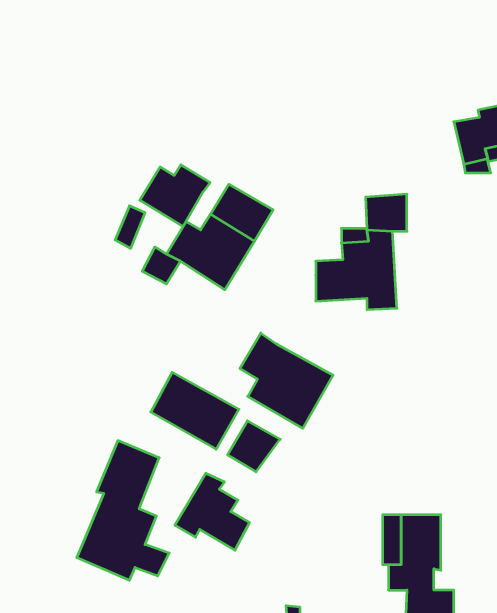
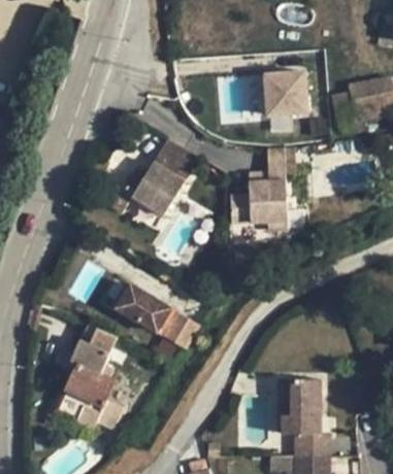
building: none -> [268,66,315,114]
building: [140,165,210,227] -> none
building: [240,333,333,428] -> none
building: [175,473,249,550] -> none

